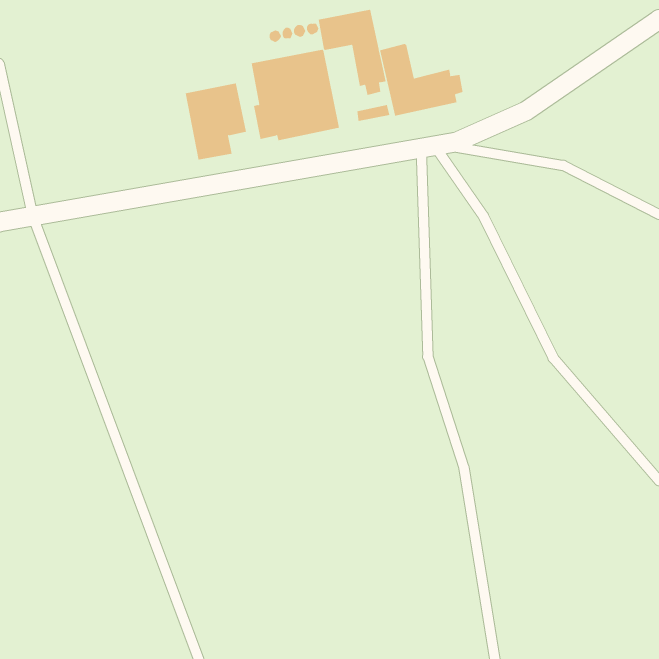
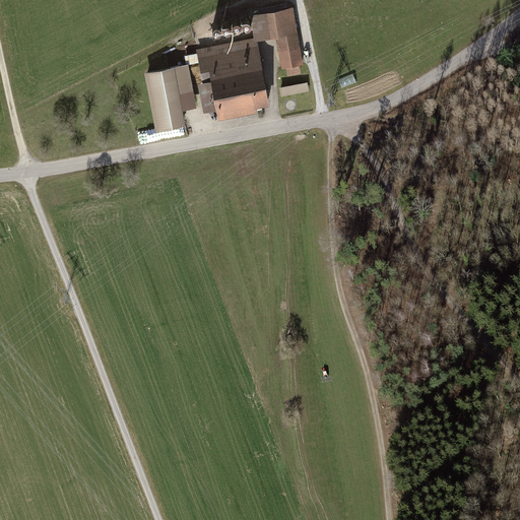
building: [380,43,463,116] -> none

